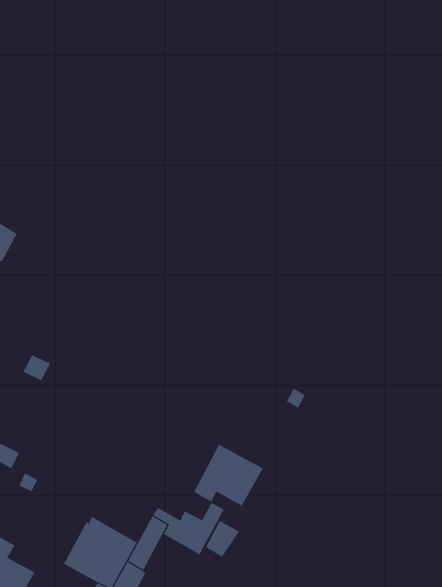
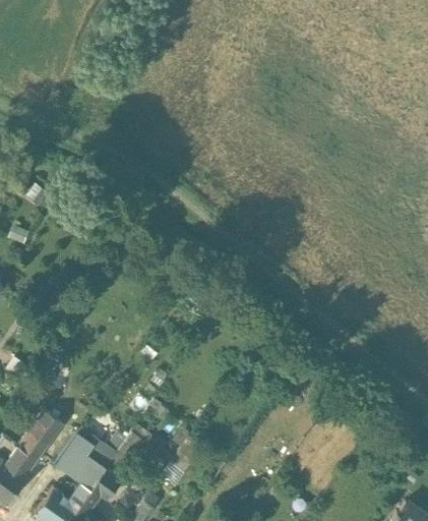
building: [193,444,263,507] -> none
building: none -> [10,409,64,469]

